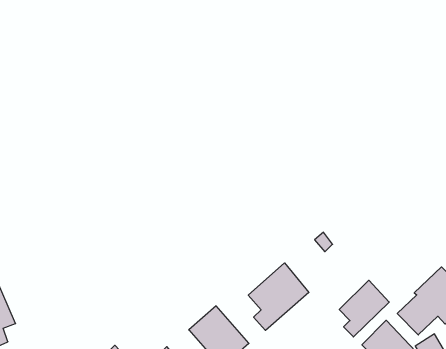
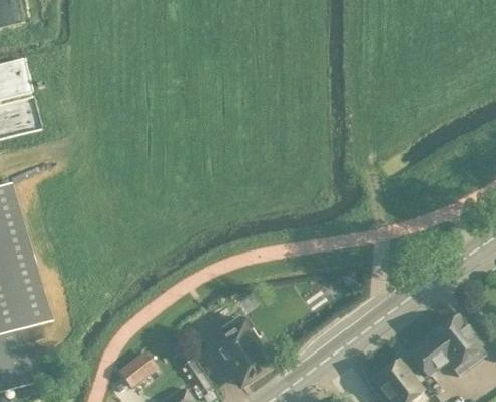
building: [248,263,309,330] -> none
building: [339,280,389,337] -> none

